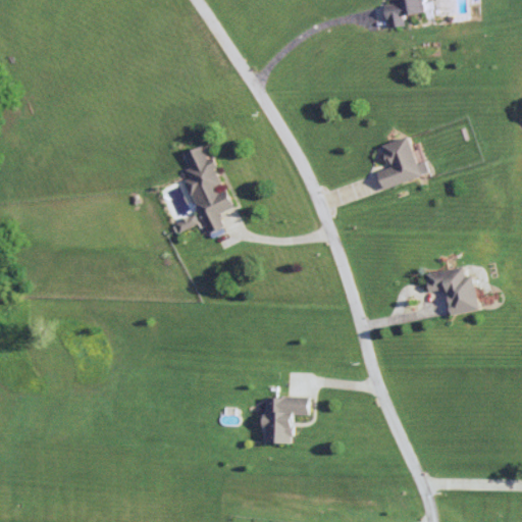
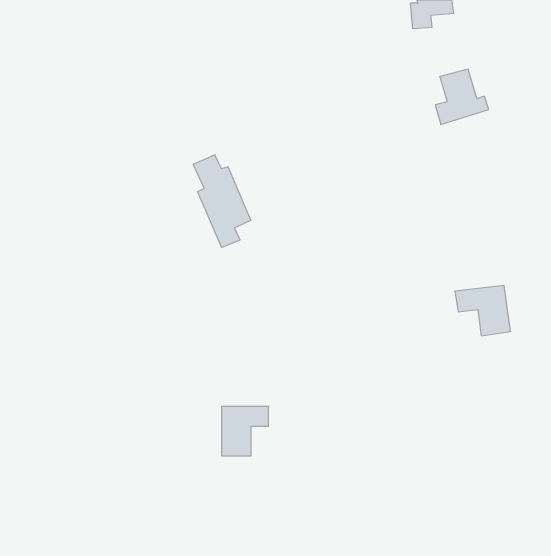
building: [378,137,428,189] -> [435,69,489,125]
building: [263,398,307,443] -> [222,407,269,456]

